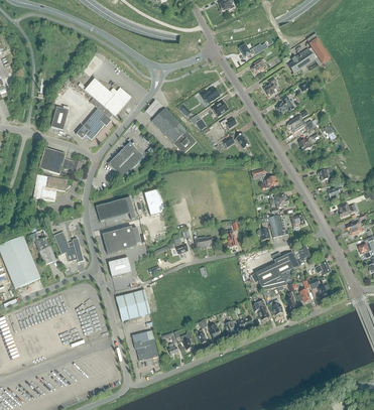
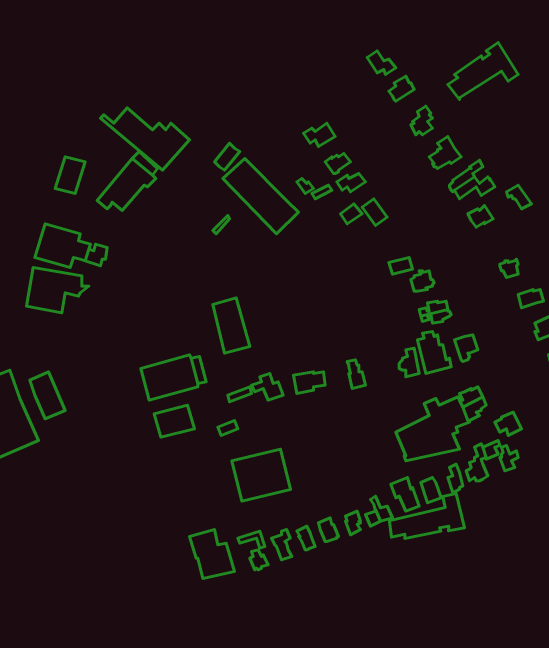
building: [108,141,144,177] -> none
building: [96,197,129,221] -> none
building: [53,231,84,261] -> none
building: [115,289,150,320] -> [232,449,291,501]
building: none -> [389,494,465,539]

